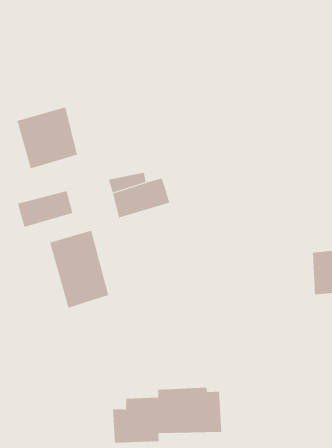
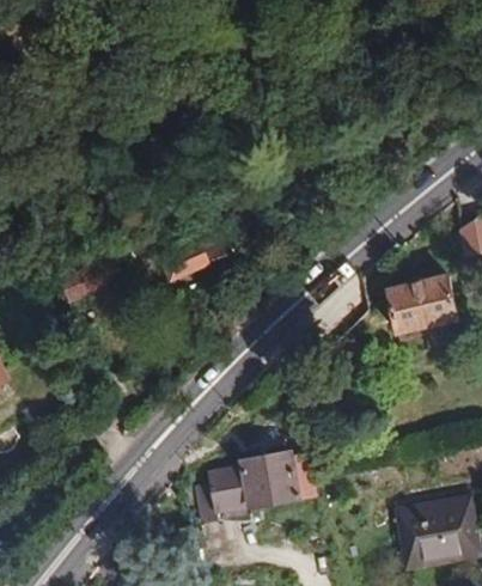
building: [17,107,77,169] -> none
building: [50,230,109,309] -> none

